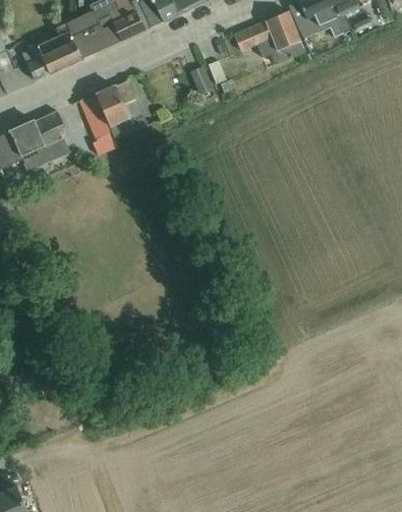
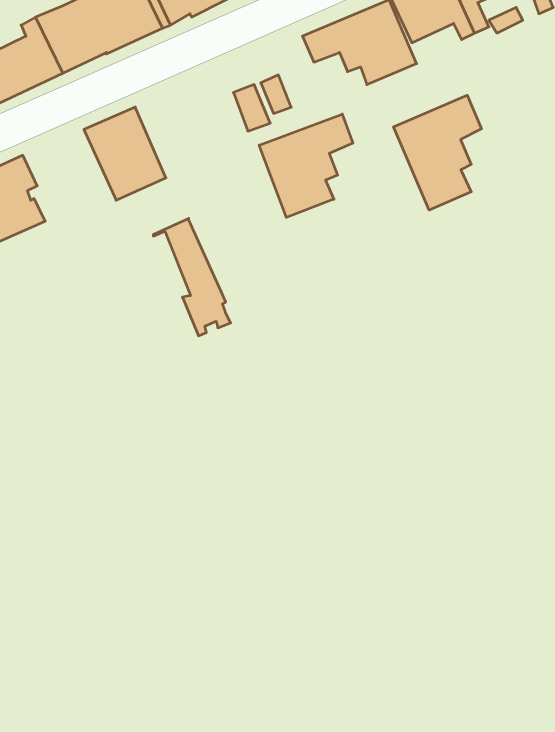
building: none -> [394,95,481,210]
building: none -> [259,114,353,217]
building: [72,93,121,167] -> [153,218,231,336]

